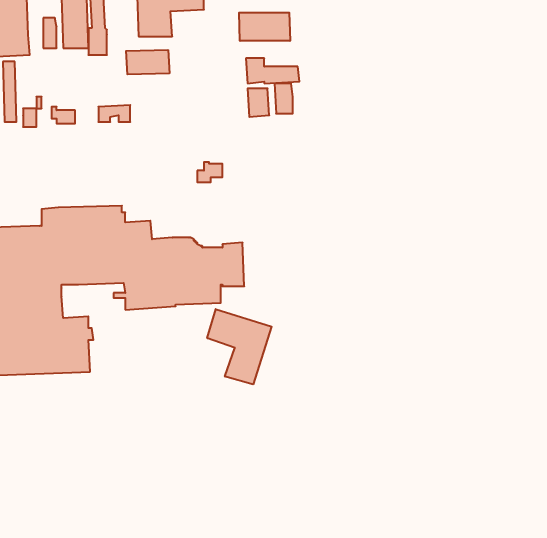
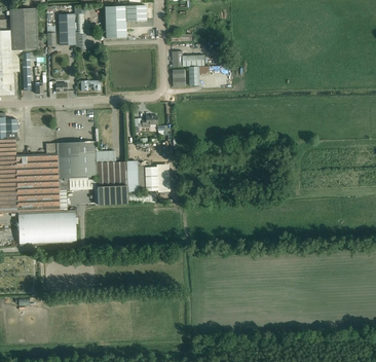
building: [239,13,290,41] -> none
building: [126,50,169,74] -> none
building: [207,309,272,384] -> none

